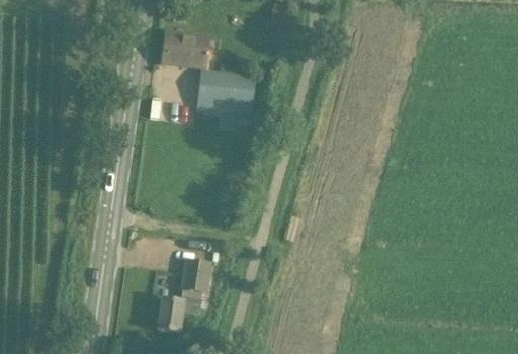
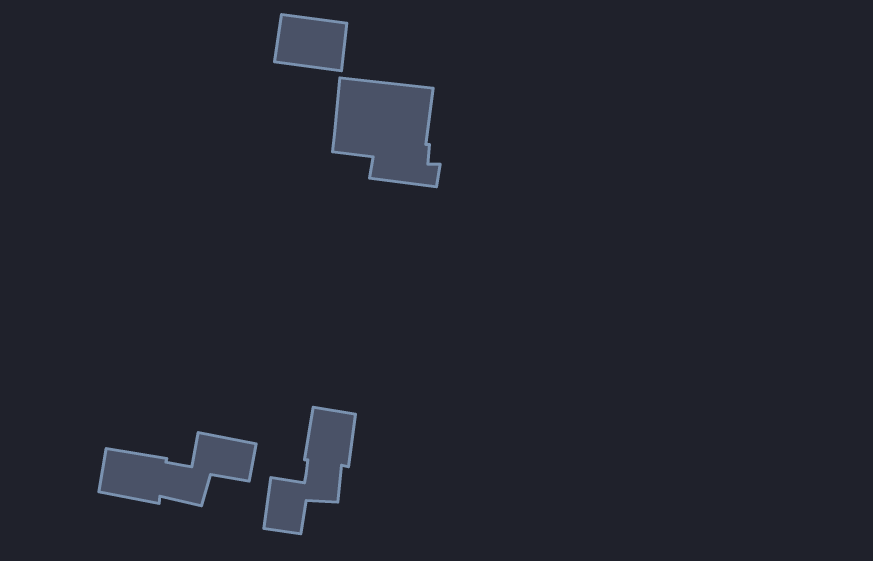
building: none -> [99,433,256,506]

